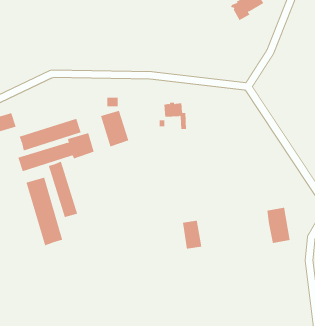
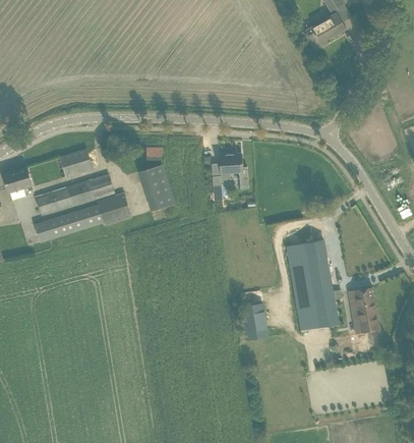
building: none -> [59,148,93,175]
building: none -> [283,224,338,330]
building: [48,161,78,218] -> none
building: [26,177,63,246] -> none

